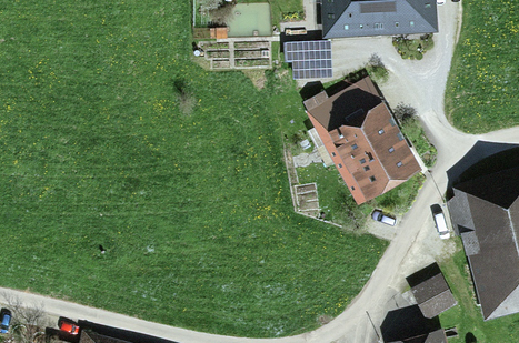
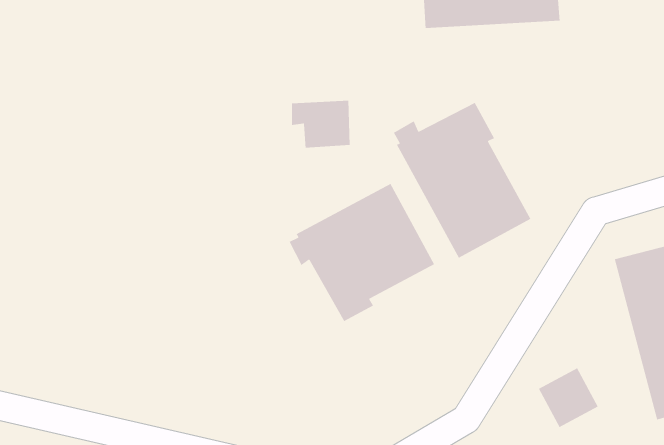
building: [286,43,329,79] -> [291,100,351,149]
building: none -> [288,183,435,322]

